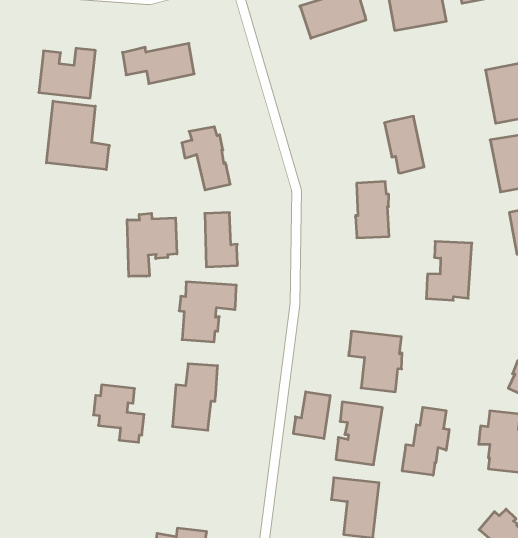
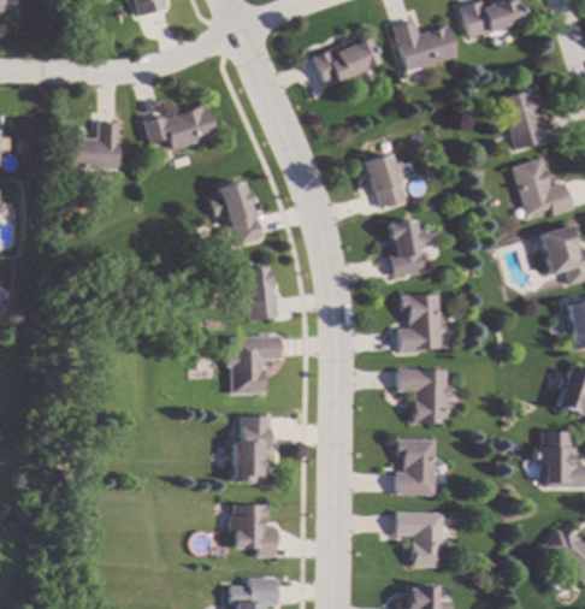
building: [46,101,109,170] -> none
building: [384,116,424,173] -> [361,150,404,207]
building: [127,213,177,276] -> none
building: [426,241,472,300] -> [397,292,439,351]
building: [93,385,144,442] -> [230,504,279,556]
building: [293,392,330,439] -> none
building: [402,407,449,475] -> none

